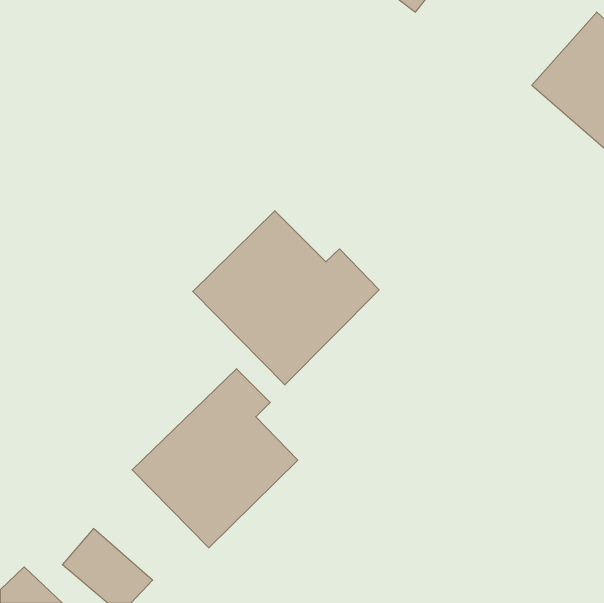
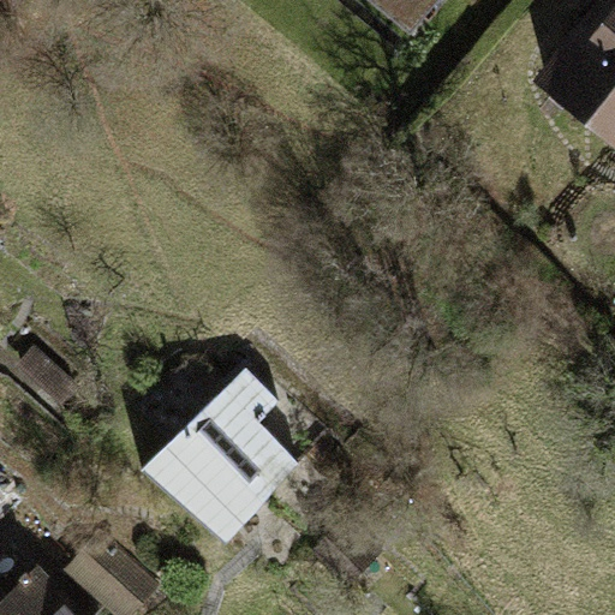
building: [193,211,379,385] -> none

